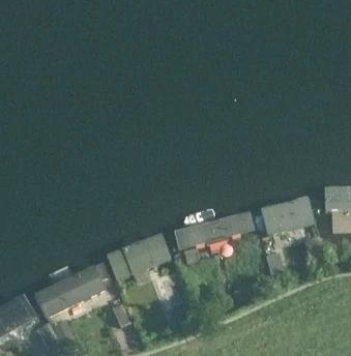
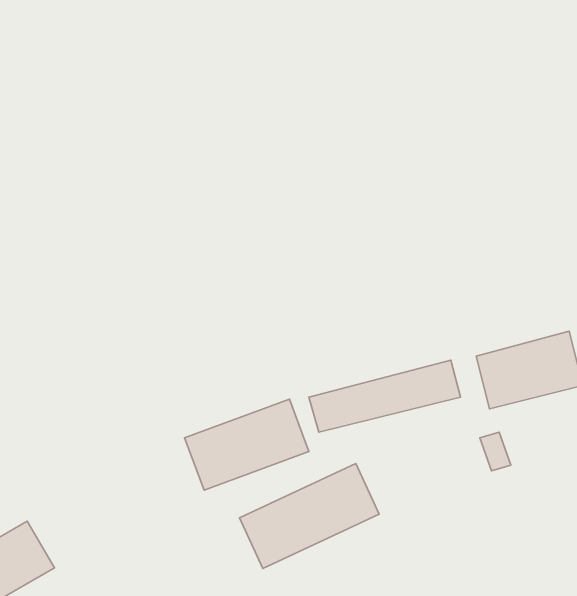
building: [33,263,108,319] -> [239,464,379,568]

